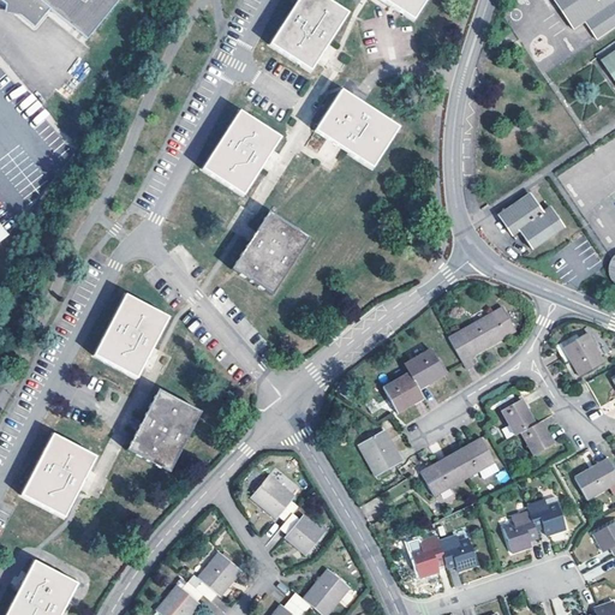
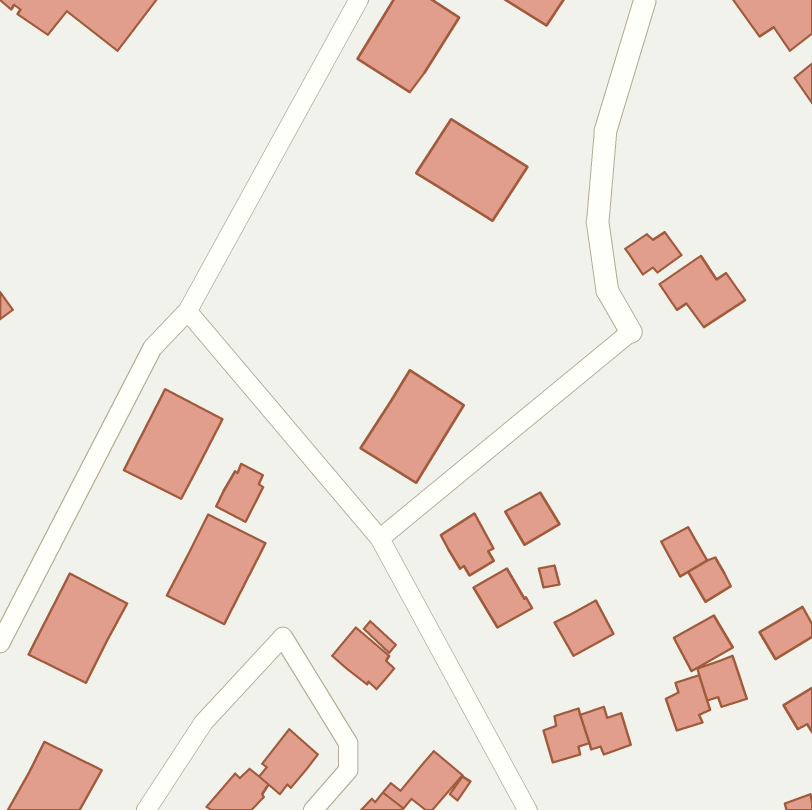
building: [202,111,280,195] -> none
building: none -> [625,232,681,274]
building: [231,210,309,295] -> [360,370,464,483]
building: [448,312,504,369] -> none
building: [562,333,603,376] -> none
building: [404,348,444,388] -> none
building: none -> [216,464,263,522]
building: none -> [441,514,494,576]
building: [450,437,495,479] -> [674,616,733,671]
building: [280,513,324,554] -> none

